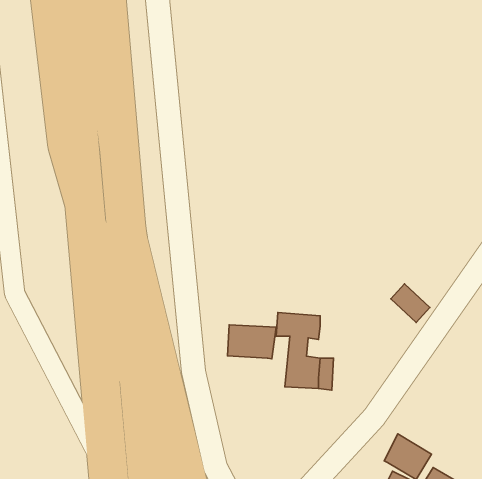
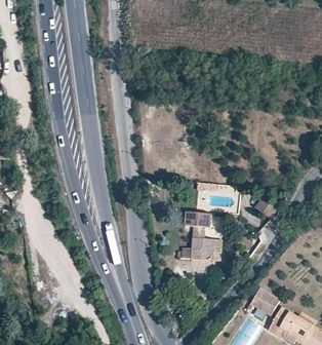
building: [227,325,276,359] -> none

